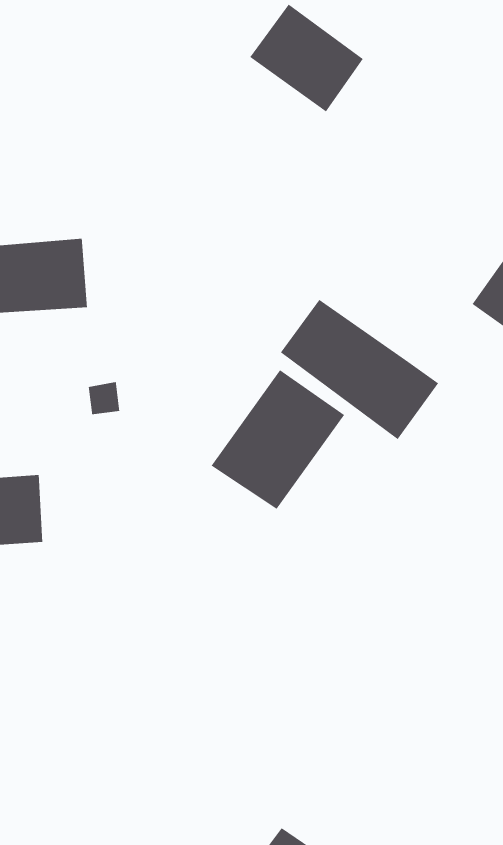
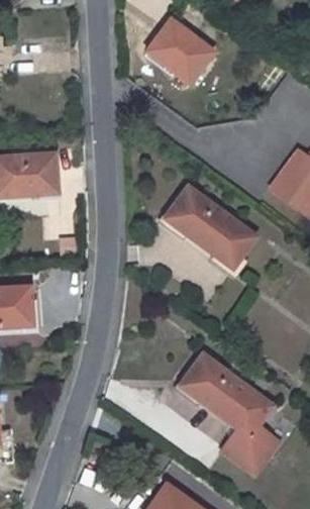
building: [210,369,345,510] -> none
building: none -> [181,354,278,476]

